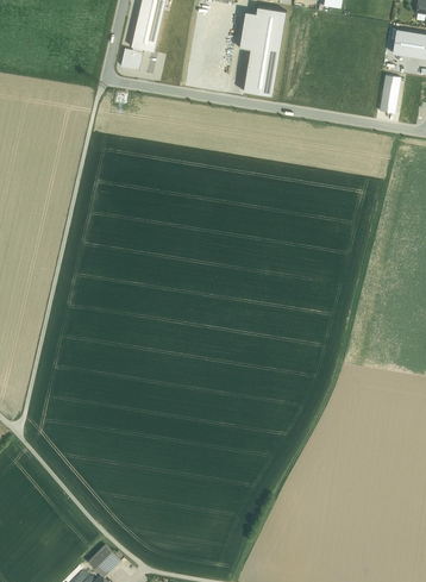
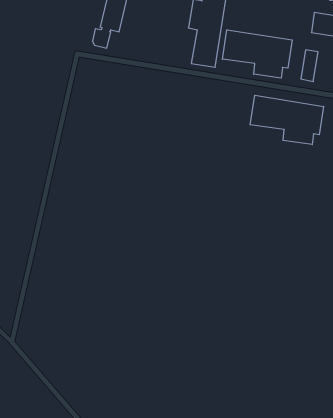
building: none -> [222,30,292,78]
building: none -> [250,95,324,145]

